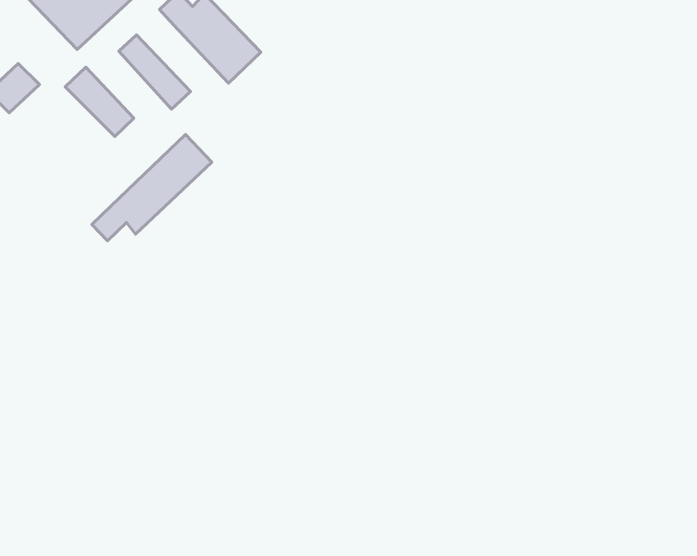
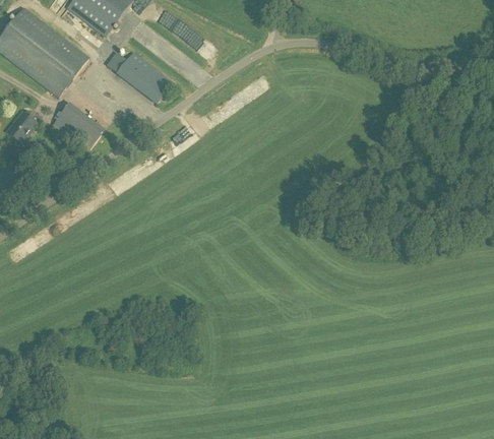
building: [119,35,190,109] -> none
building: [92,134,212,241] -> none

